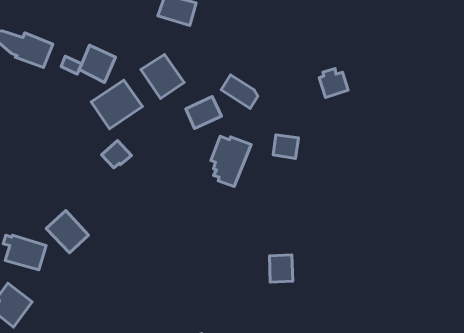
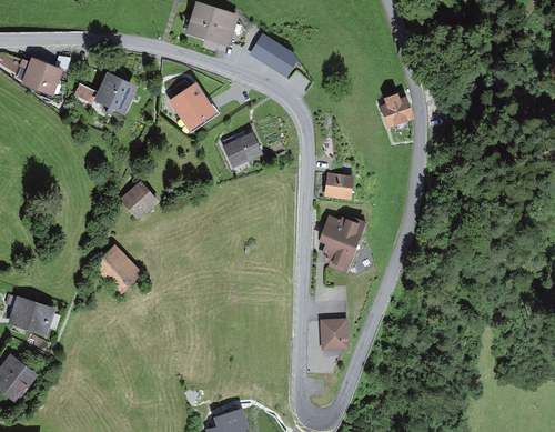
building: [221,75,258,108] -> [251,38,294,78]
building: [91,80,143,129] -> none
building: [211,136,251,187] -> [317,218,365,278]
building: [46,211,88,253] -> [91,242,141,292]

